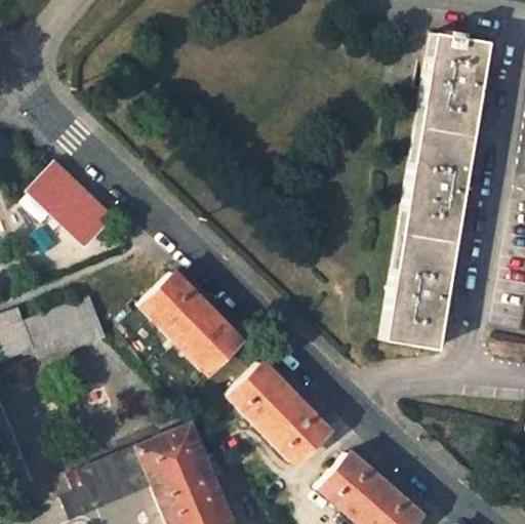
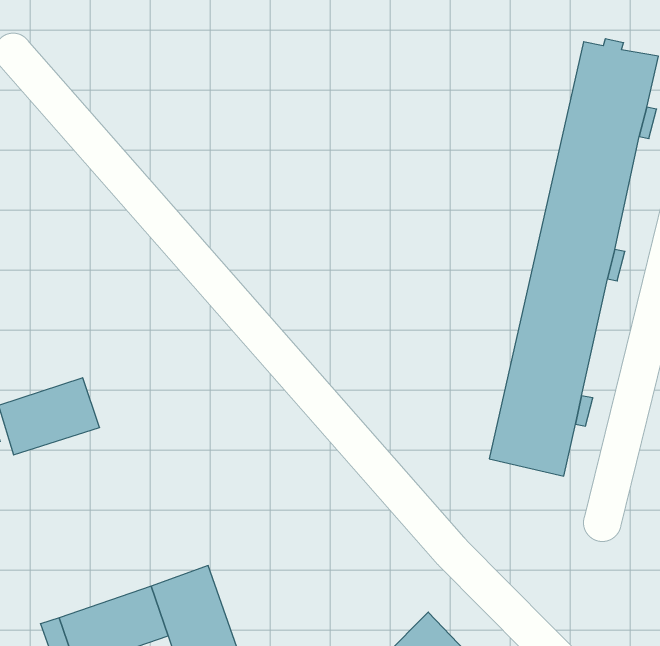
building: [37,168,115,245] -> none
building: [143,273,243,372] -> none
building: [230,363,327,461] -> none

